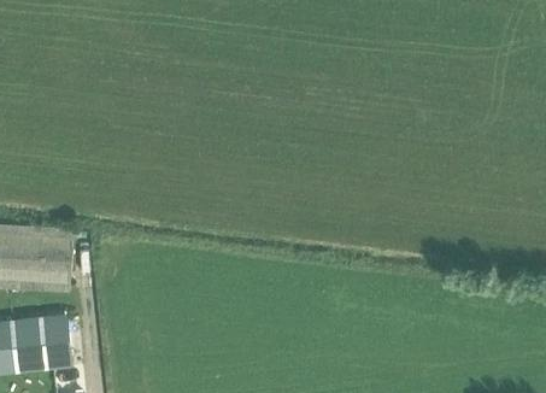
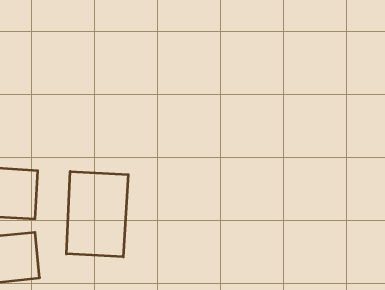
building: none -> [66,171,128,257]

